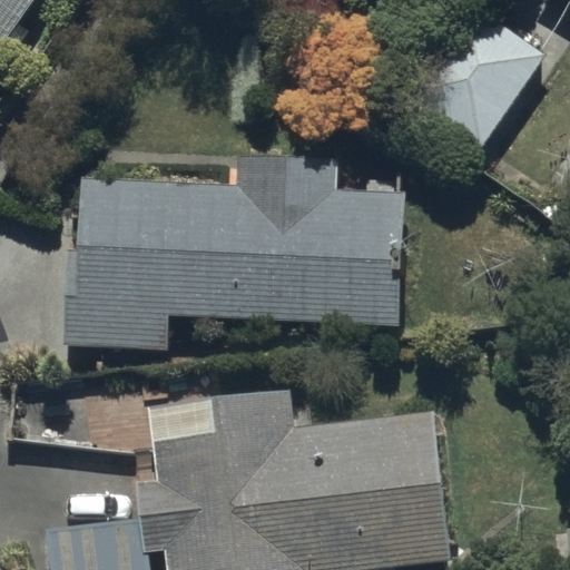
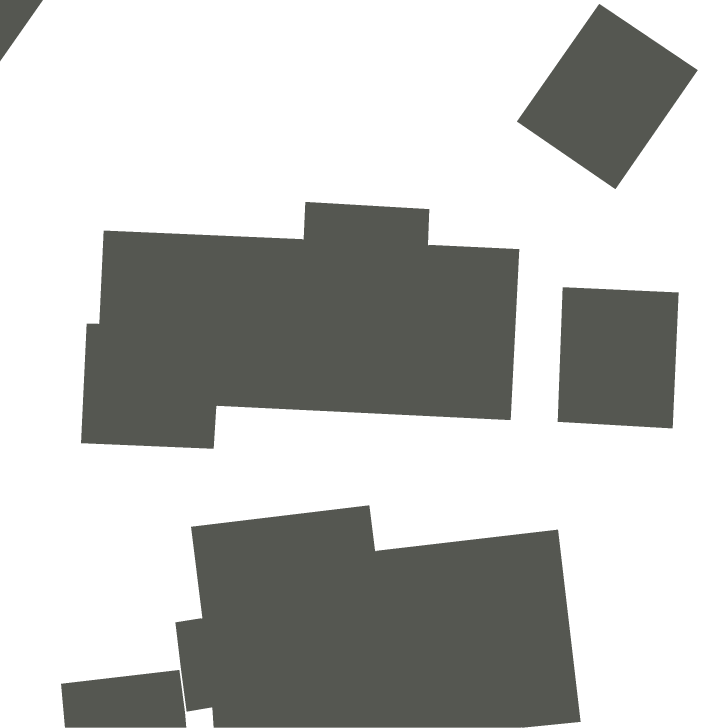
building: none -> [557,287,679,429]

